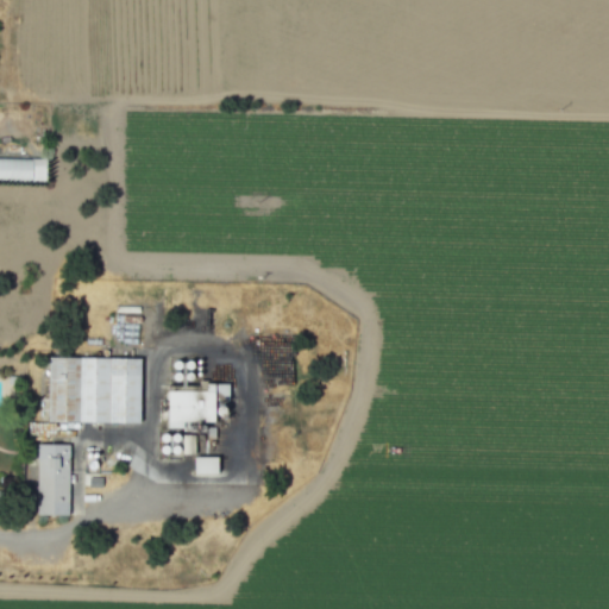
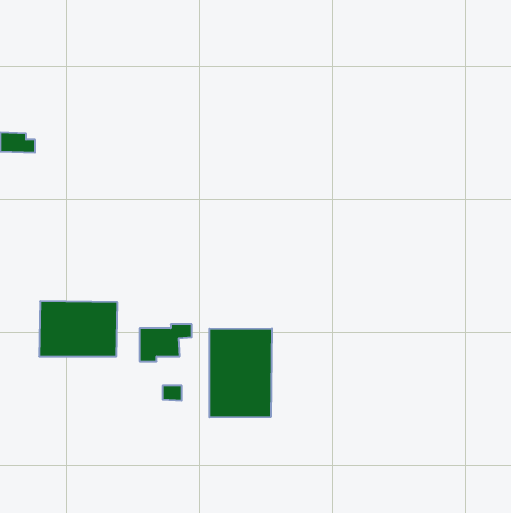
building: none -> [209,328,272,417]
building: [37,444,70,515] -> none

